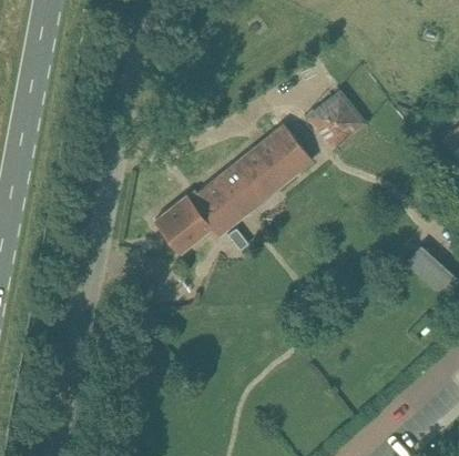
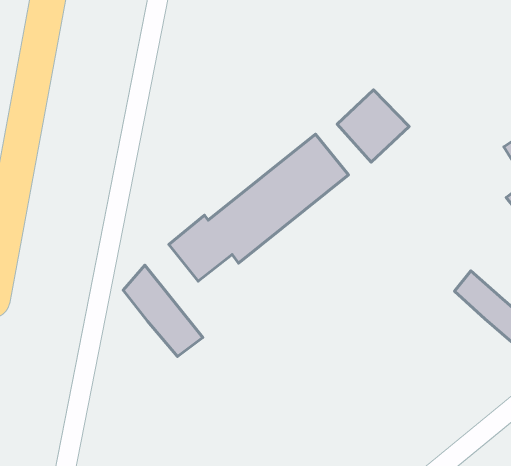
building: none -> [123,265,203,357]

